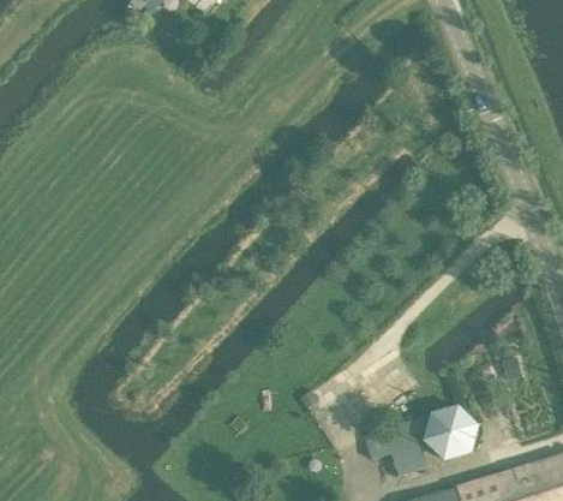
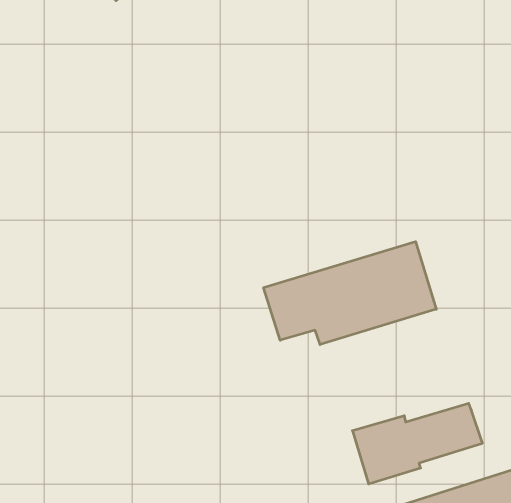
building: none -> [264,242,436,345]

